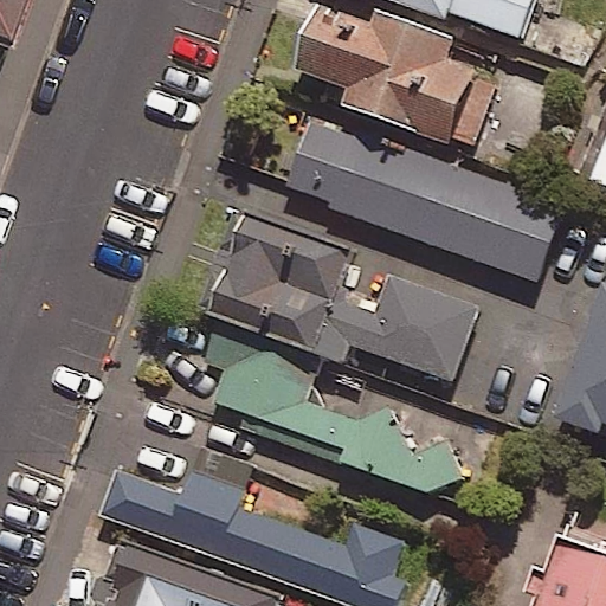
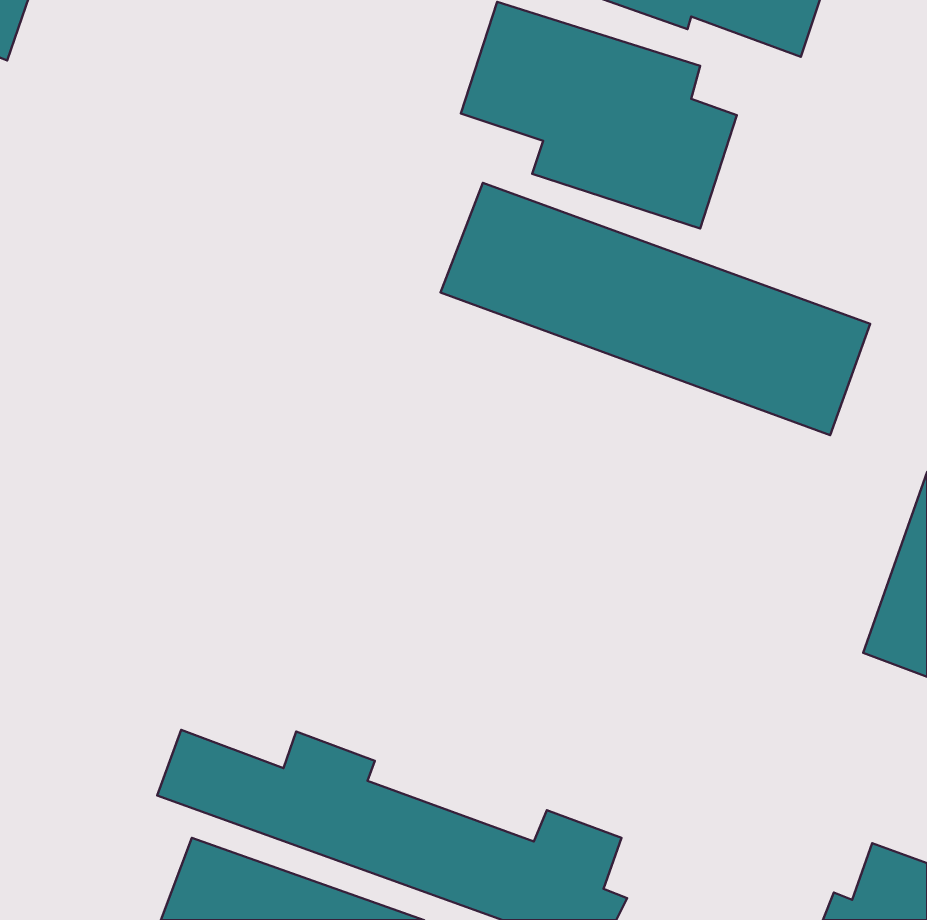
building: [214,219,478,381] -> none
building: [200,329,463,490] -> none

